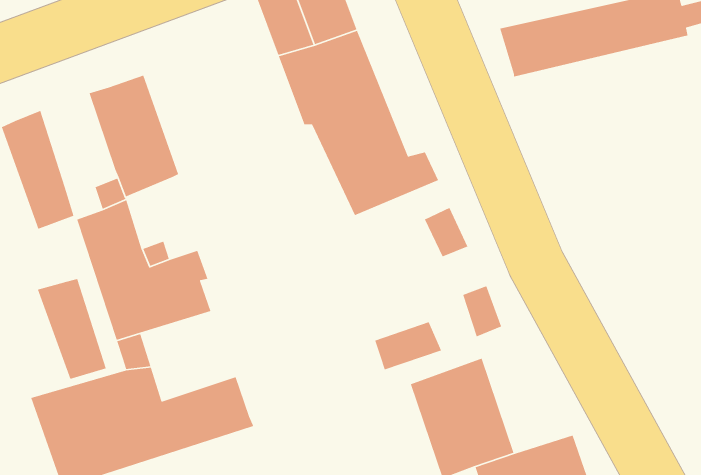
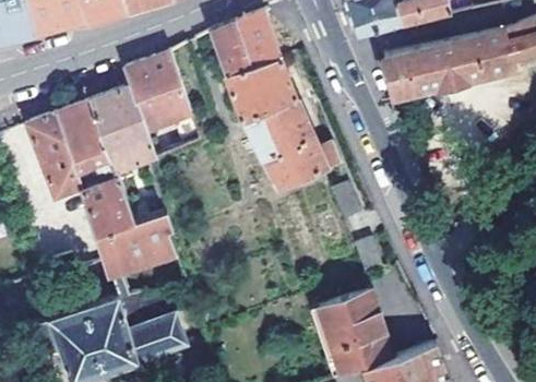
building: none -> [123,56,201,152]
building: none -> [56,104,108,170]
building: [37,278,107,380] -> none
building: [374,321,442,371] -> none

